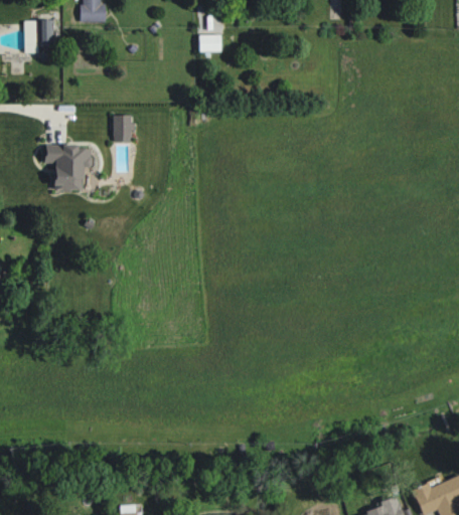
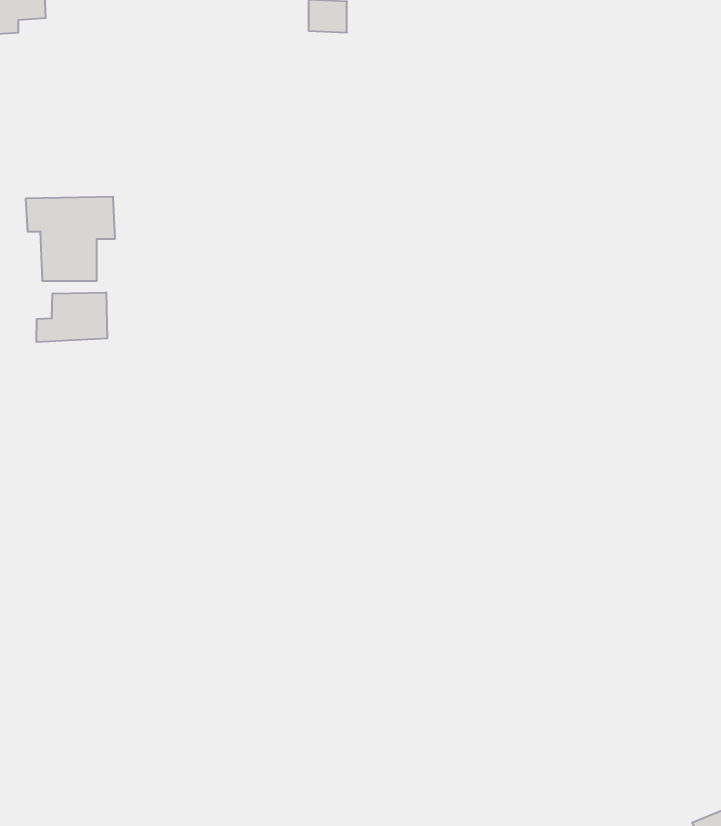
building: [114,114,135,142] -> none
building: none -> [36,292,107,342]

